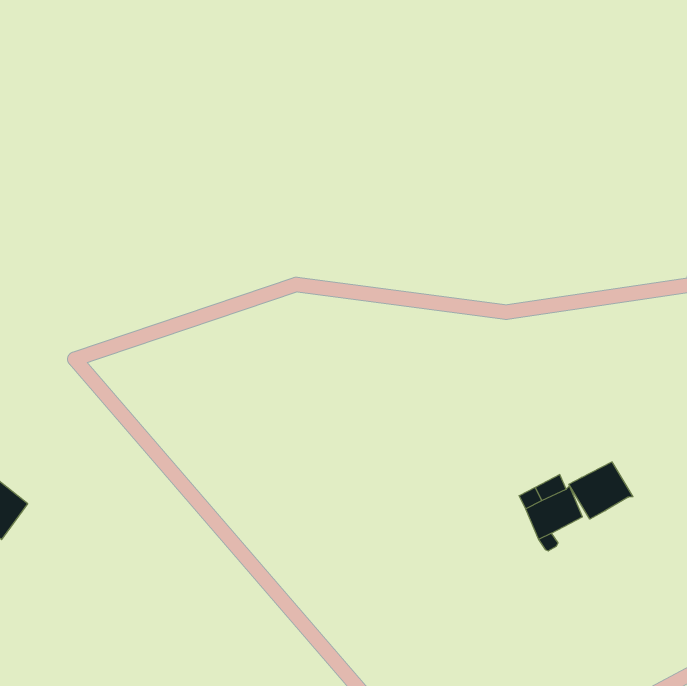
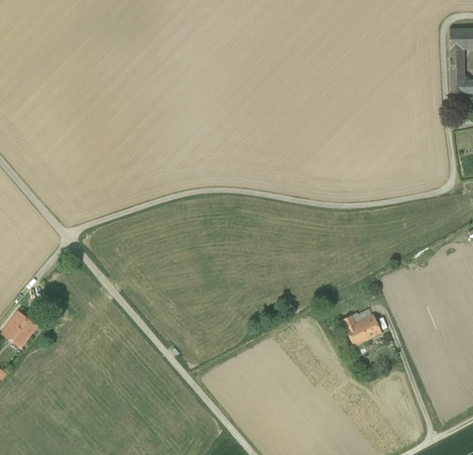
building: [569,462,633,519] -> none

